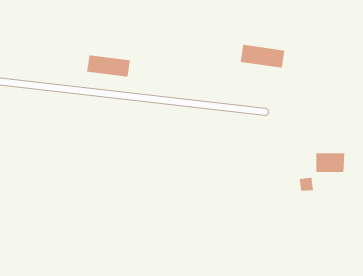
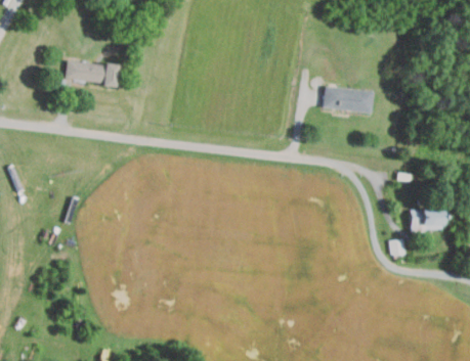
building: [86,55,131,77] -> [66,60,117,86]

